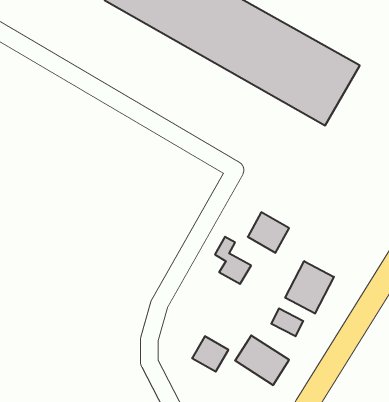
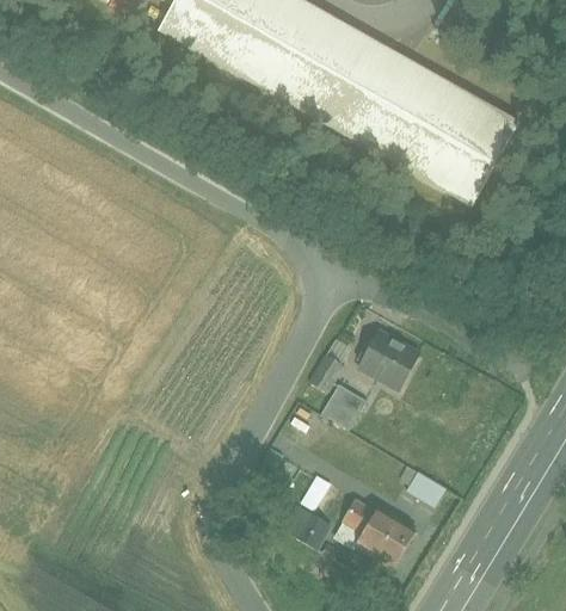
building: [285,261,334,314] -> none

